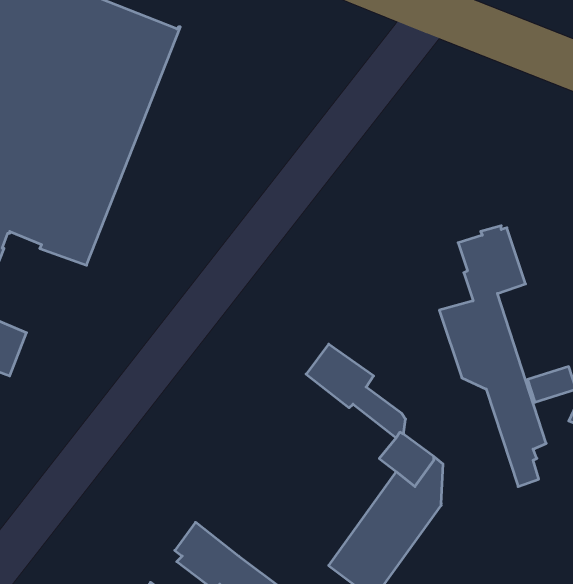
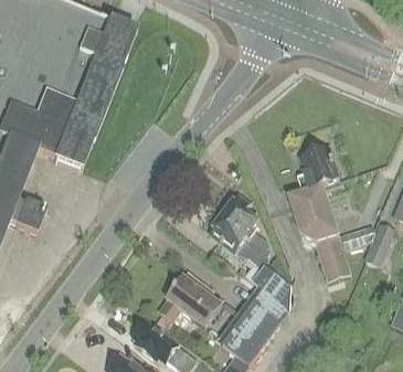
building: none -> [223,193,269,254]
building: none -> [159,269,221,326]

